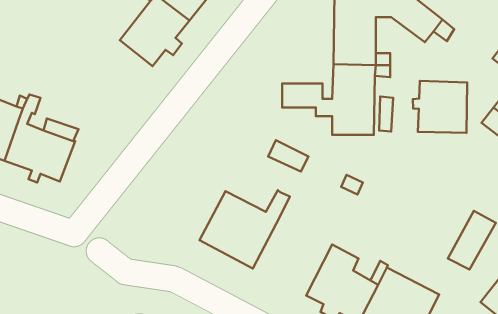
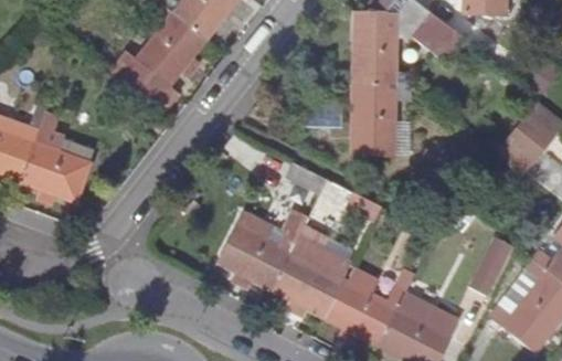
building: none -> [108,51,178,115]
building: [413,81,467,133] -> none
building: none -> [271,237,351,318]

